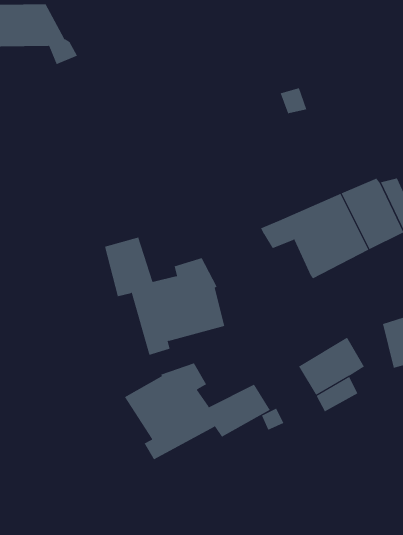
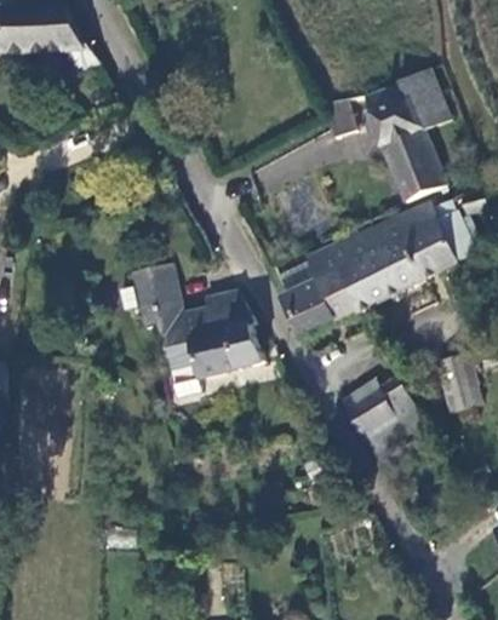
building: none -> [365,68,451,201]
building: none -> [276,262,357,337]
building: [124,362,270,460] -> none

